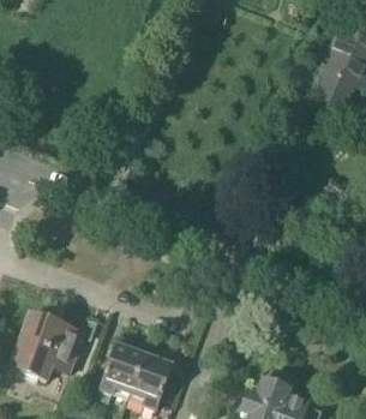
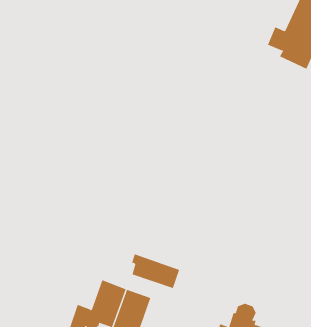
building: [8,312,83,382] -> none
building: none -> [131,254,180,289]

